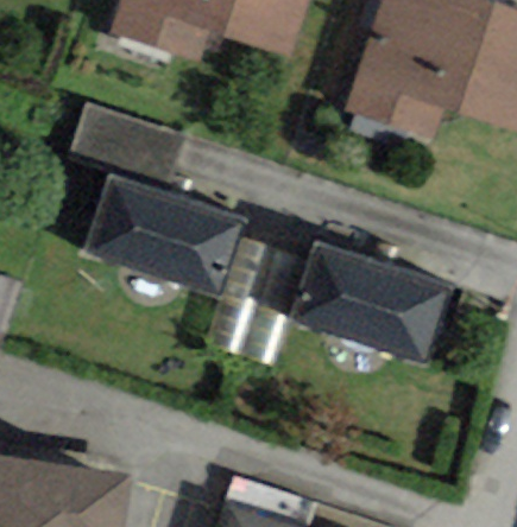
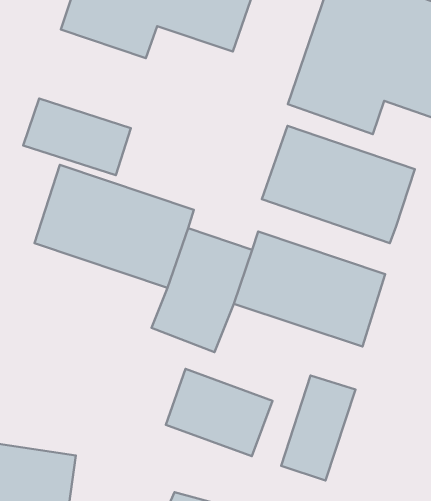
building: none -> [262,126,415,243]
building: none -> [166,369,272,456]
building: none -> [281,376,355,481]

